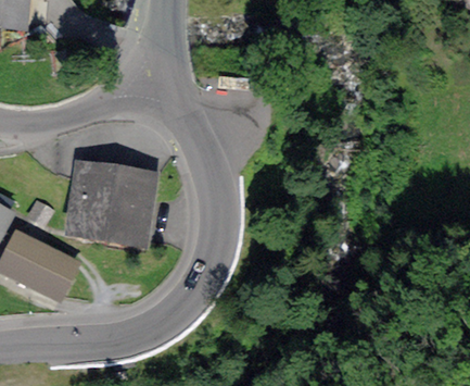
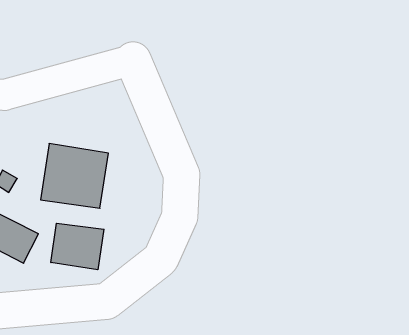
building: none -> [51,223,104,270]

